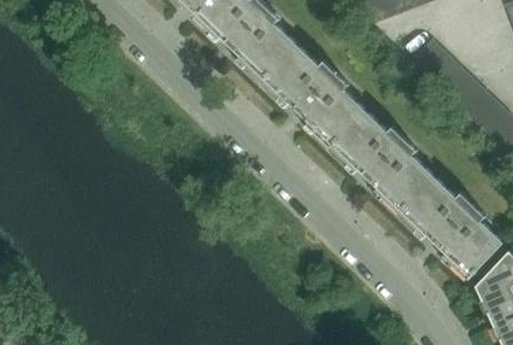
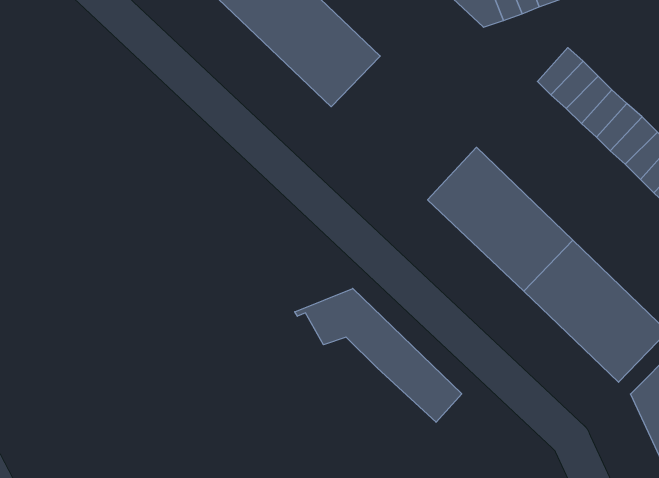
building: [264,43,367,146] -> none
building: none -> [295,288,462,422]

